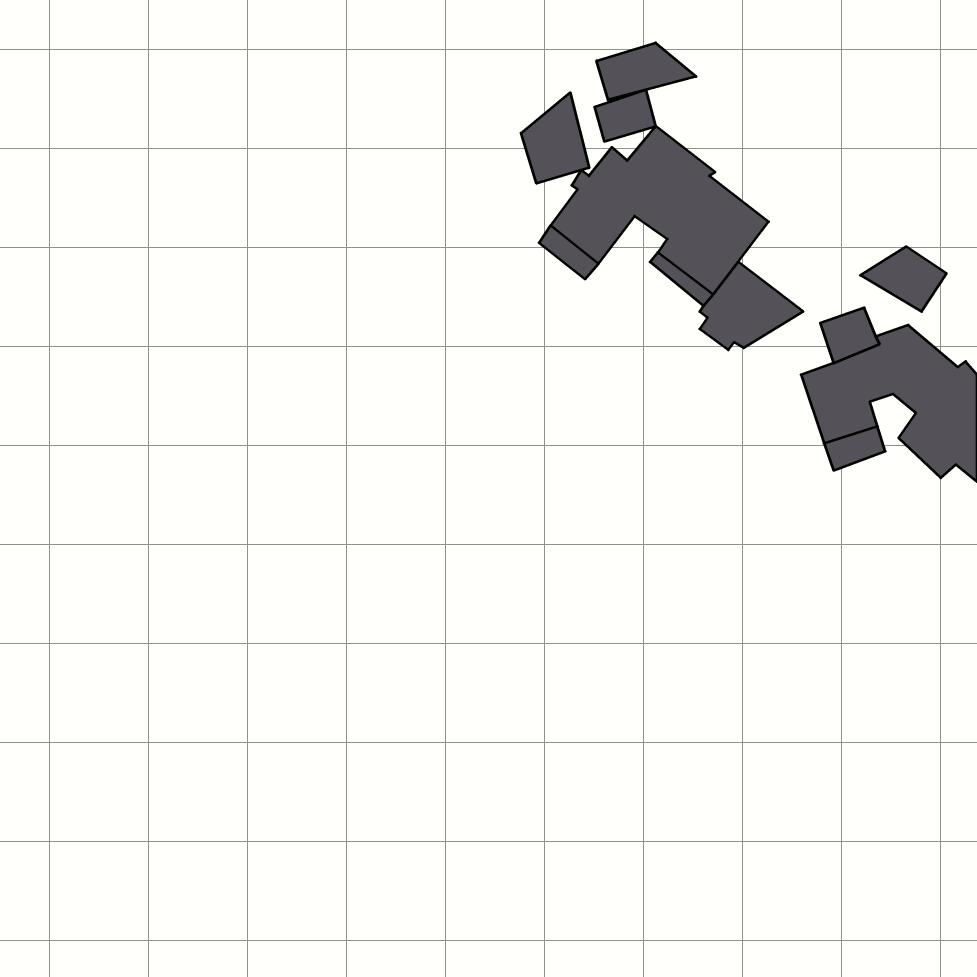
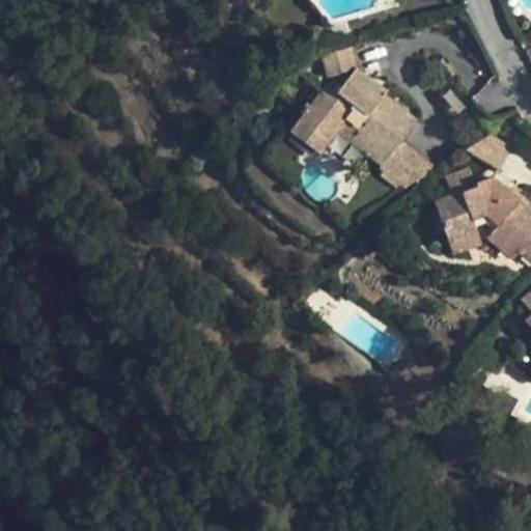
building: [597,43,696,100] -> none
building: [521,93,589,183] -> none

